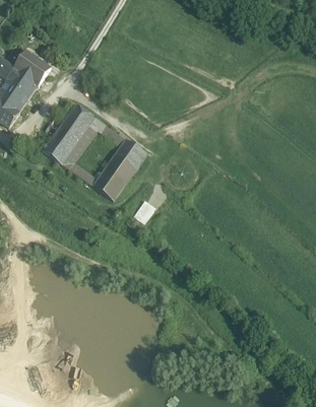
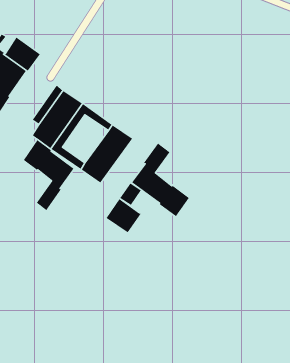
building: none -> [23,139,75,211]
building: none -> [131,143,190,217]
building: none -> [105,198,142,234]

